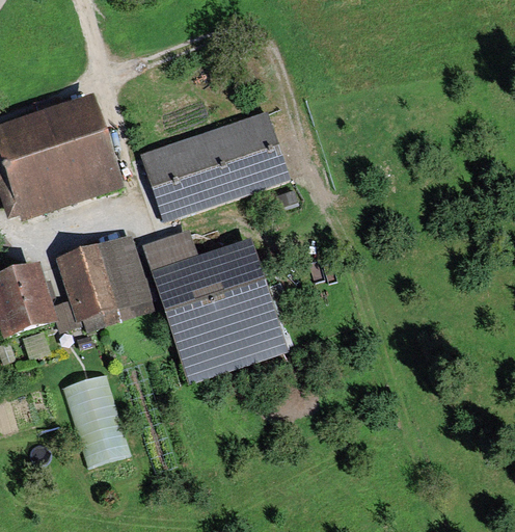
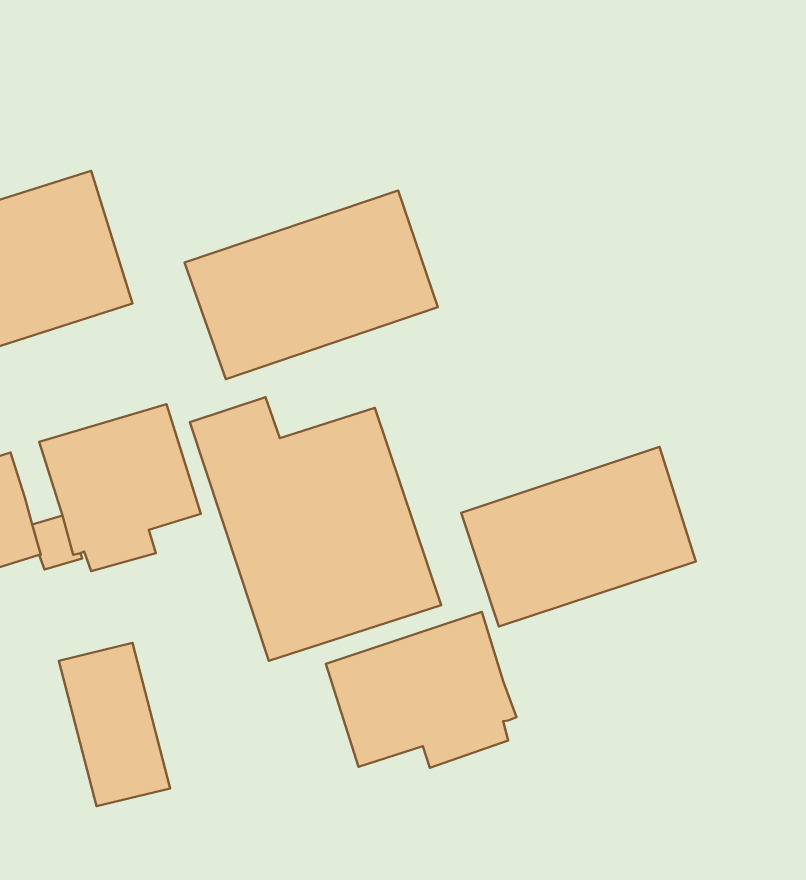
building: none -> [461,447,696,627]
building: none -> [326,612,517,768]

